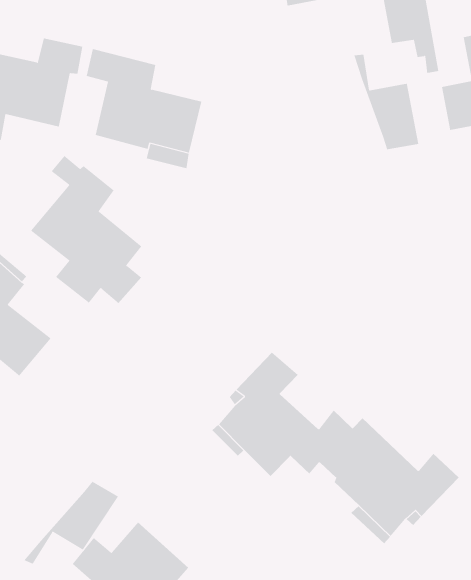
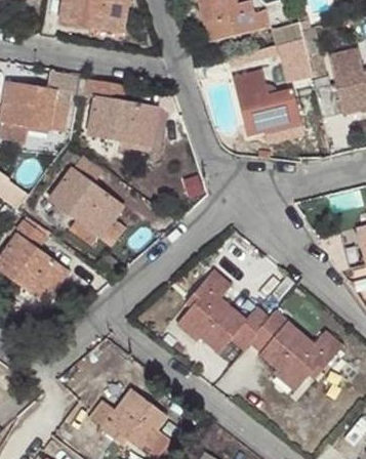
building: none -> [232,71,281,137]
building: [24,481,119,565] -> none

